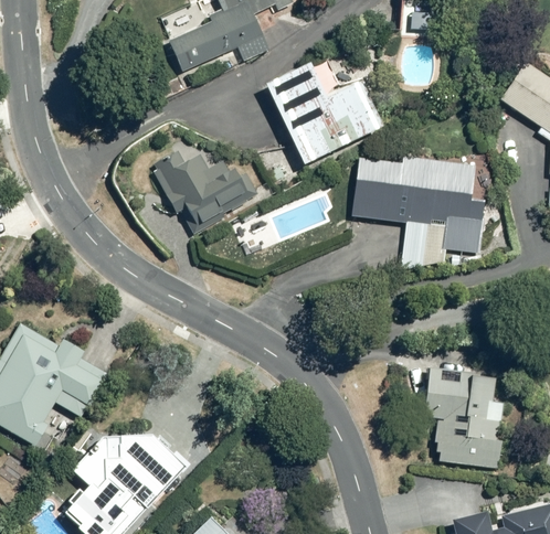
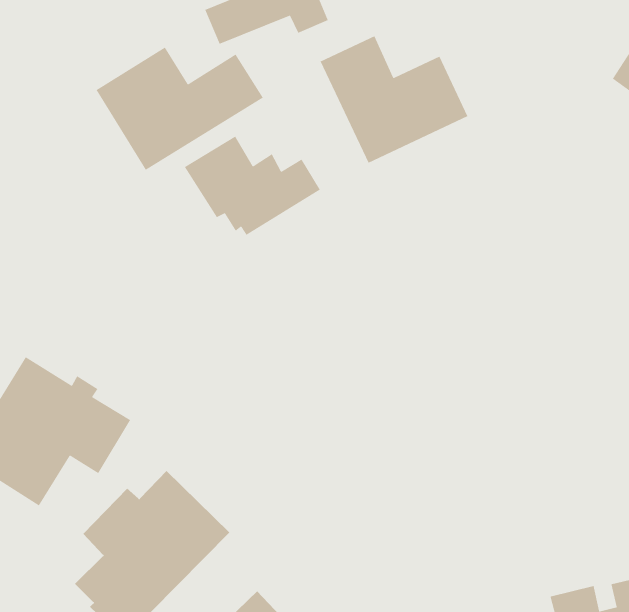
building: none -> [95,46,264,171]
building: [352,156,485,269] -> none
building: [422,366,507,466] -> none

